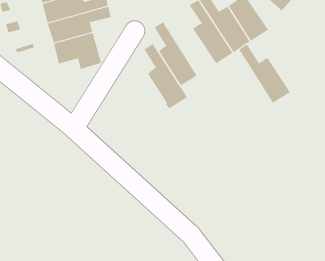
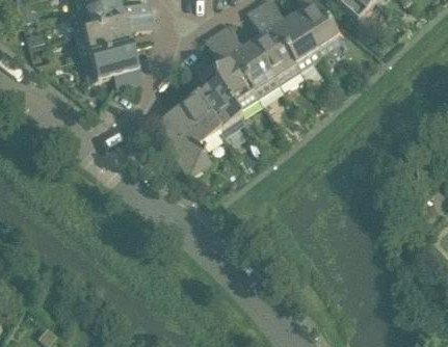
building: [239,44,291,104] -> [215,26,278,98]
building: none -> [152,96,218,178]

